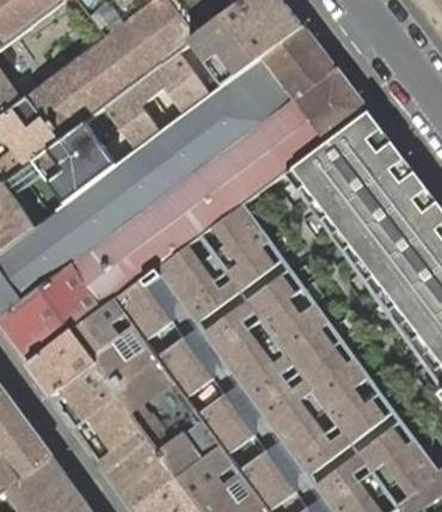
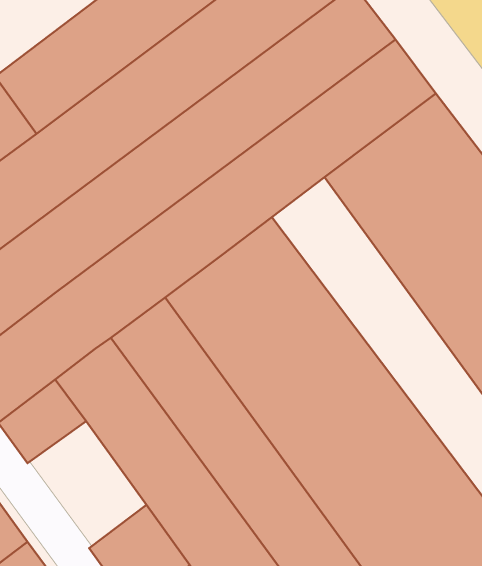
building: [53,364,145,462] -> none

